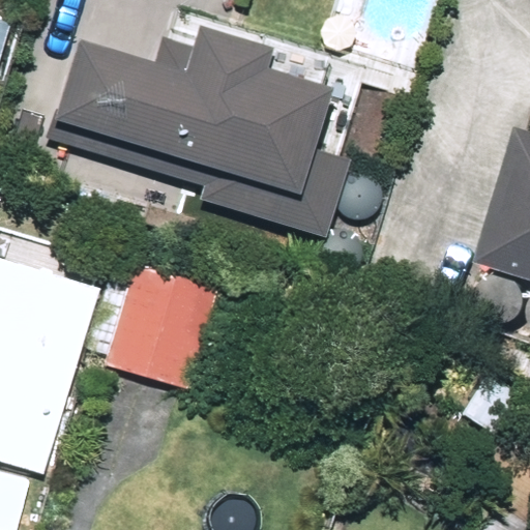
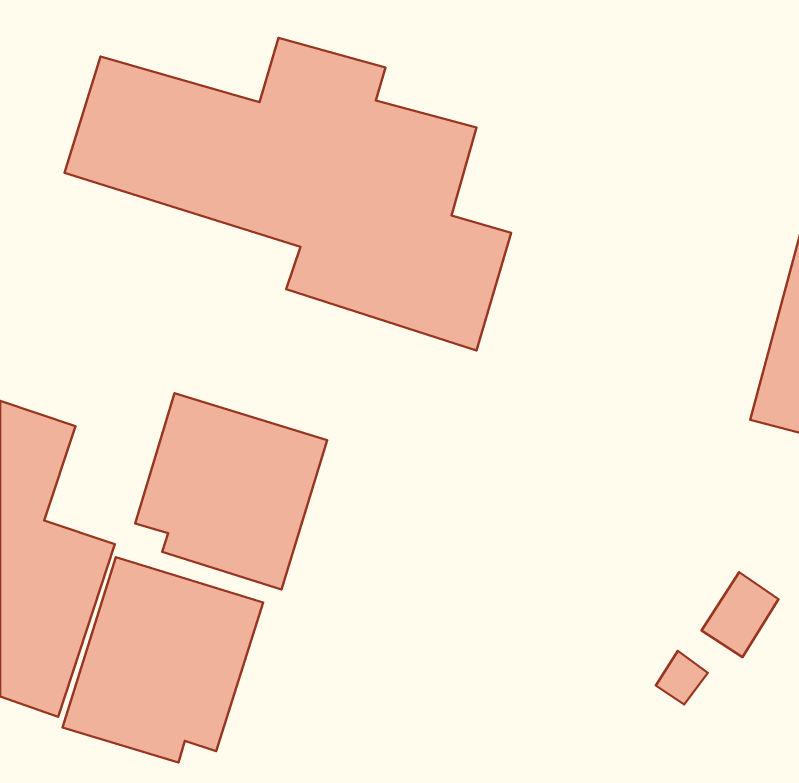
building: none -> [63,557,263,763]

